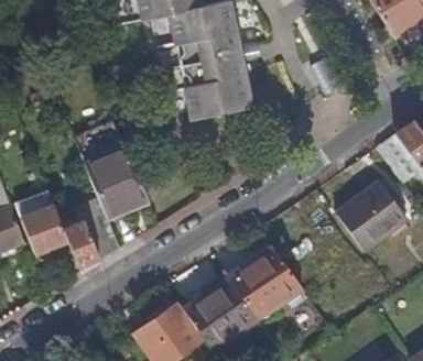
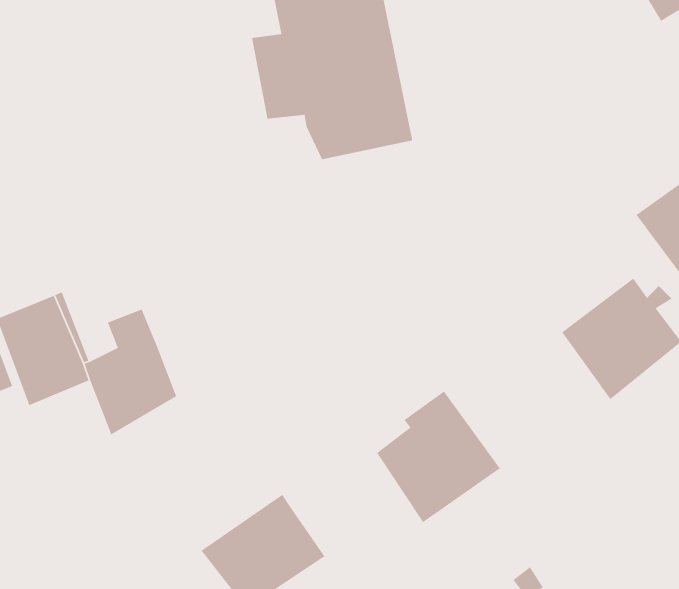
building: [79,133,149,219] -> none
building: [183,277,258,351] -> none

